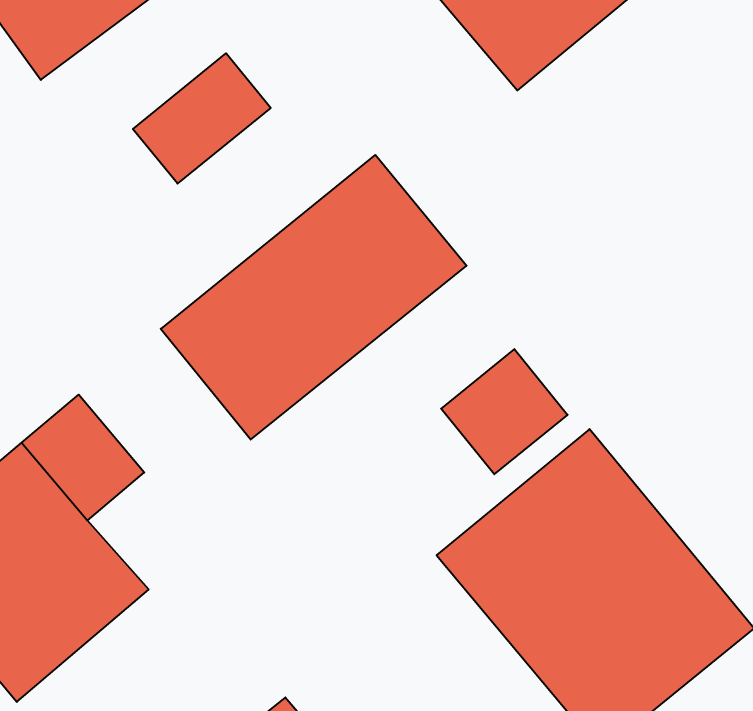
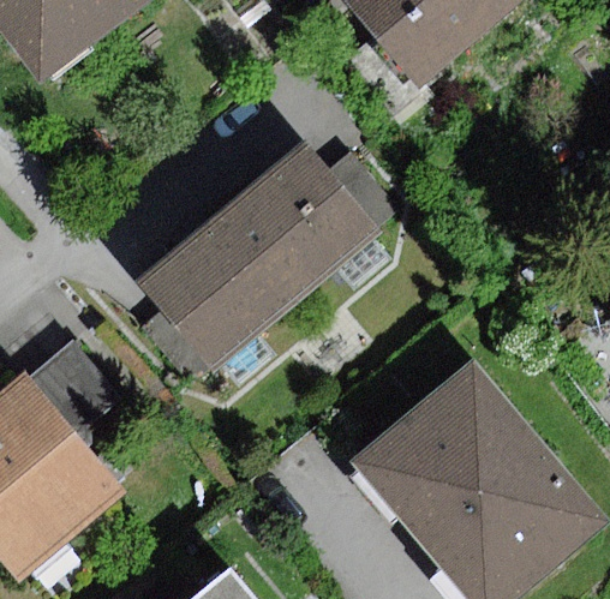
building: [133,53,271,184] -> none
building: [441,349,568,474] -> none

